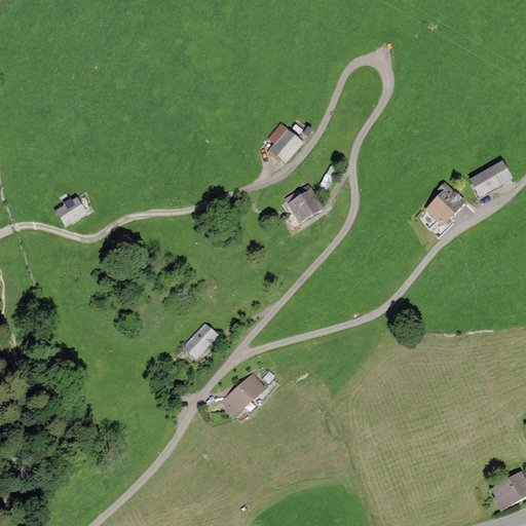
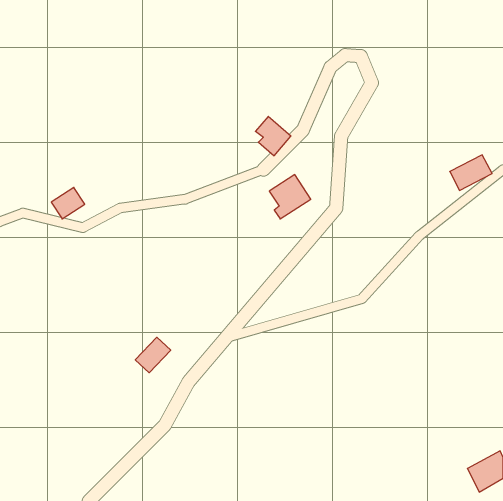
building: [426,180,465,224] -> none
building: [182,323,219,360] -> [135,337,171,373]
building: [220,372,267,417] -> none

